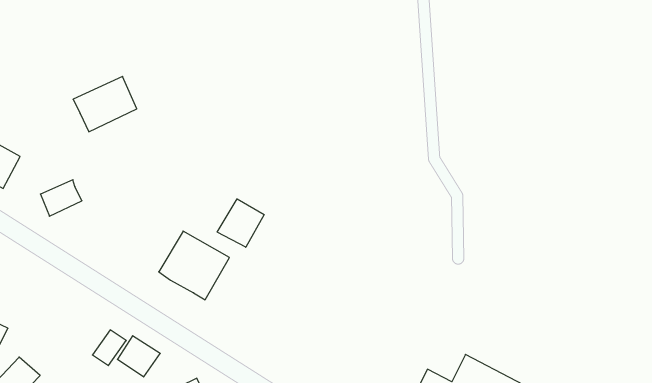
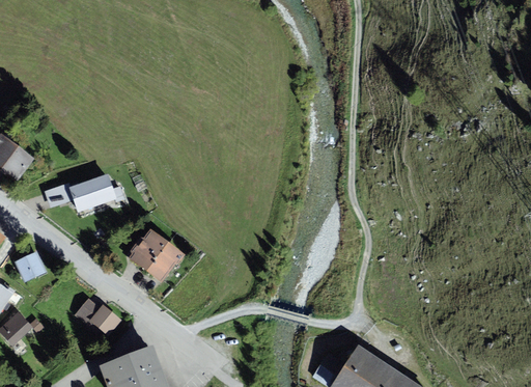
building: [73,76,137,132] -> [73,173,120,213]
building: [217,199,264,247] -> none
building: none -> [16,252,48,283]

